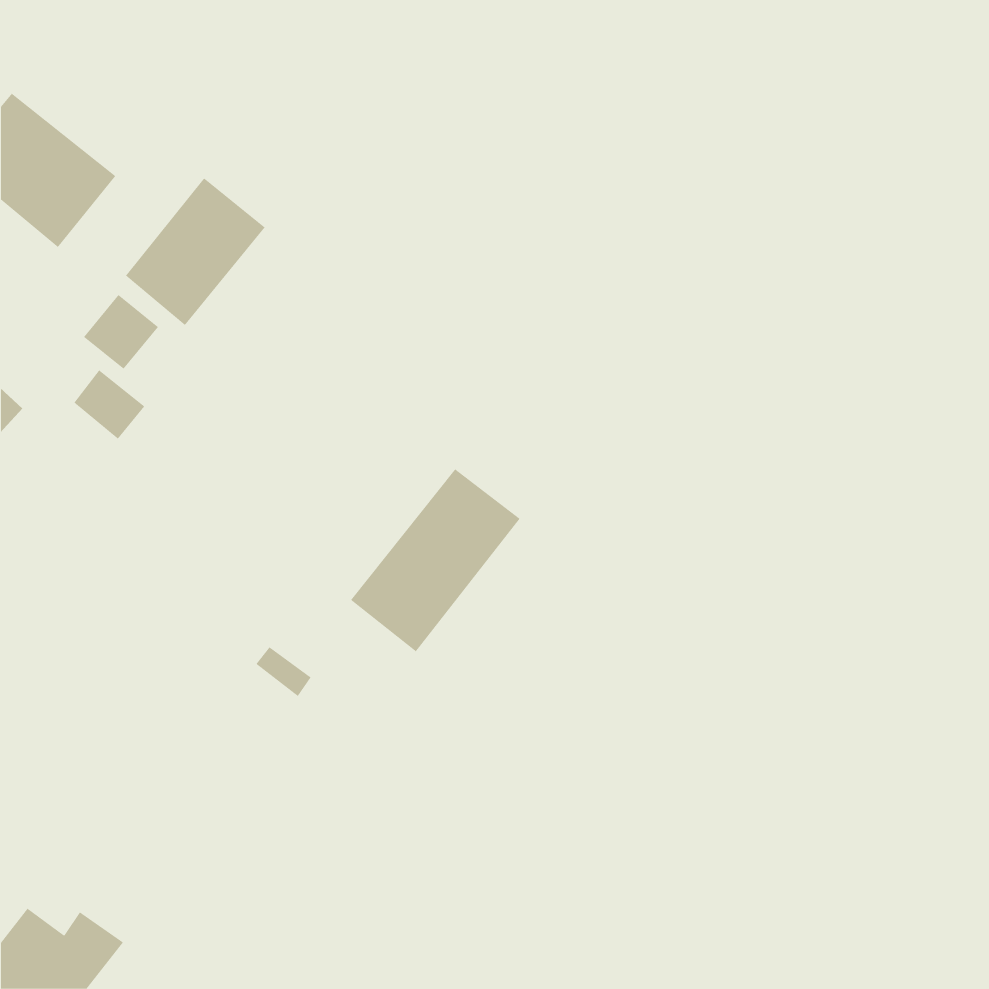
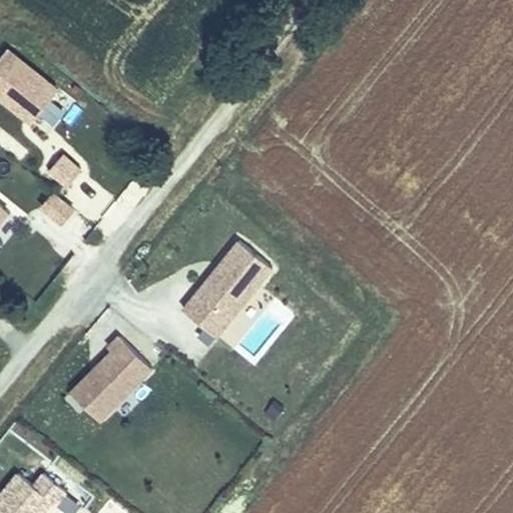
building: [125,178,266,326] -> none
building: none -> [71,338,149,421]

